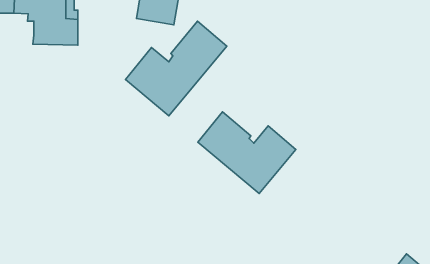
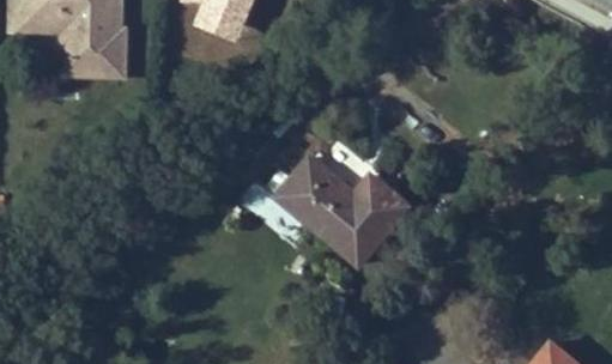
building: [126,21,227,116] -> none

